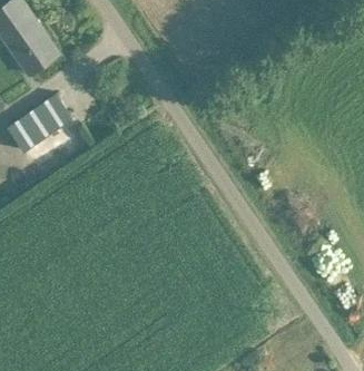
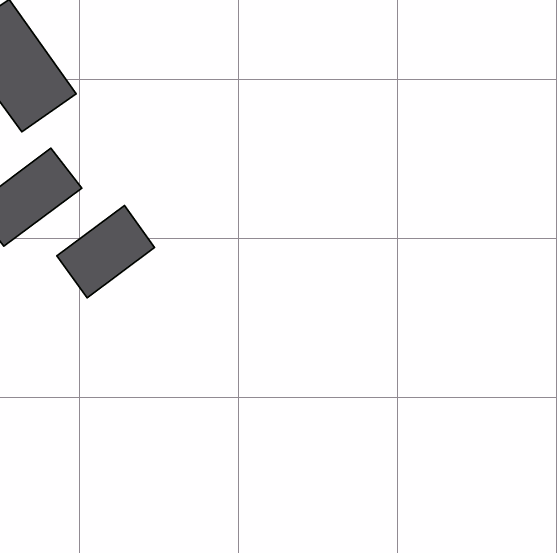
building: none -> [57,206,155,298]

